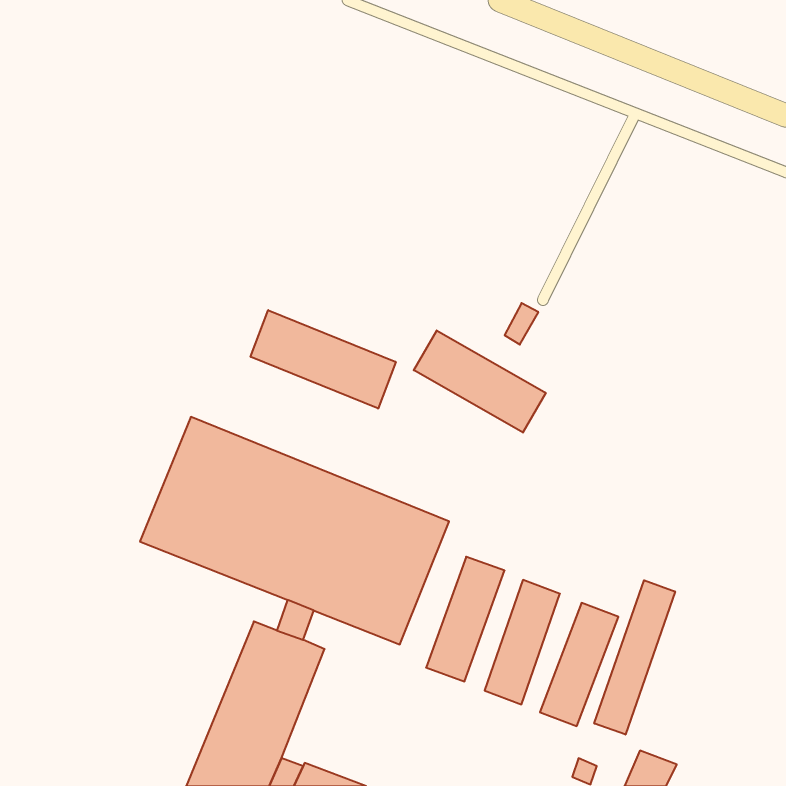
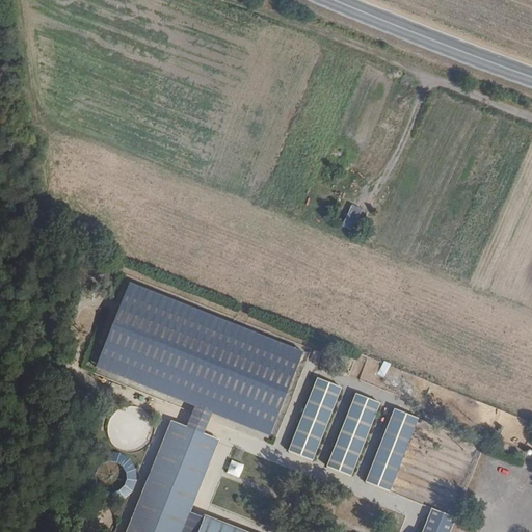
building: [251,310,396,409] -> none
building: [414,330,546,433] -> none
building: [594,580,675,735] -> none

